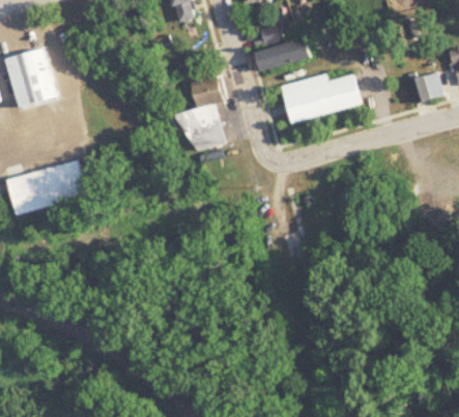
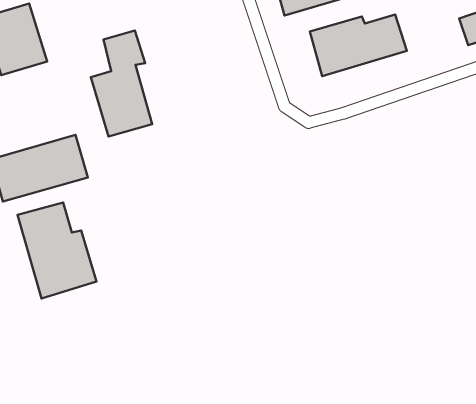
building: [178,75,228,162] -> [91,31,152,136]
building: none -> [18,203,97,298]

